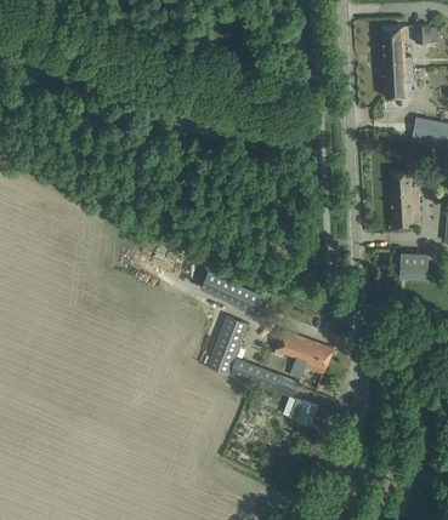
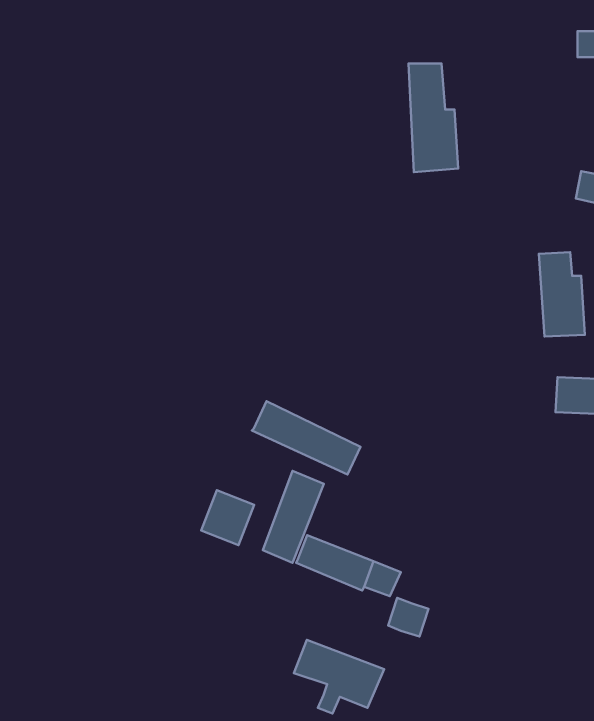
building: [380,27,413,98] -> [408,64,458,172]
building: none -> [201,490,254,545]
building: [273,330,333,378] -> [294,640,384,713]

